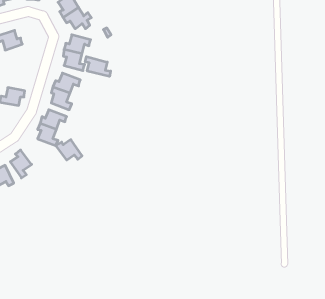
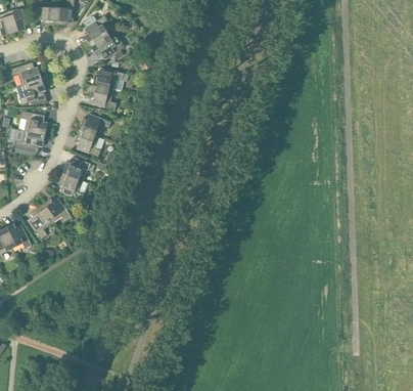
building: none -> [18,79,46,105]
building: [85,57,111,76] -> none
building: none -> [19,112,46,135]
building: [56,140,82,160] -> [39,199,71,223]

